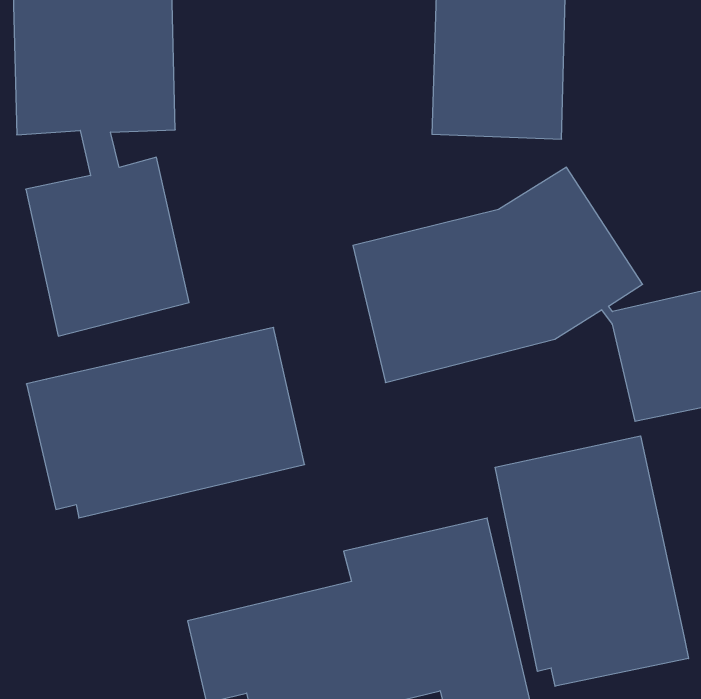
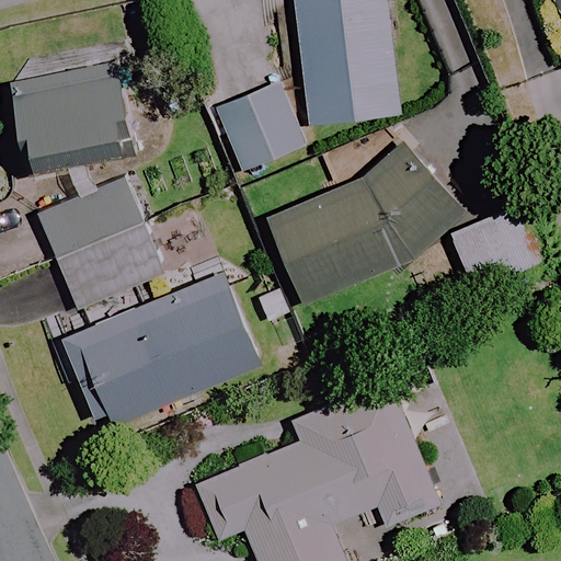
building: none -> [220,89,304,170]
building: [495,436,688,686] -> none

